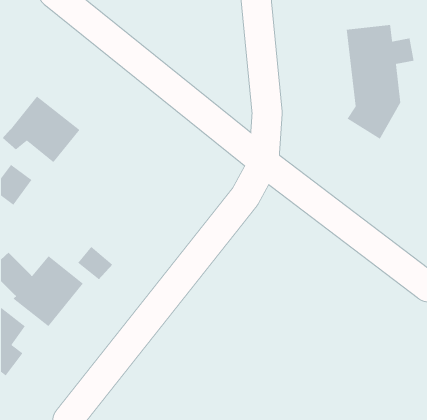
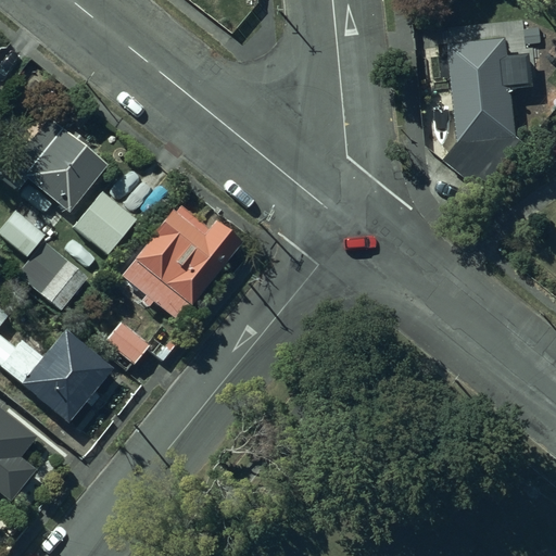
building: none -> [72,192,134,254]
building: none -> [121,204,239,321]
building: none -> [17,243,89,312]

